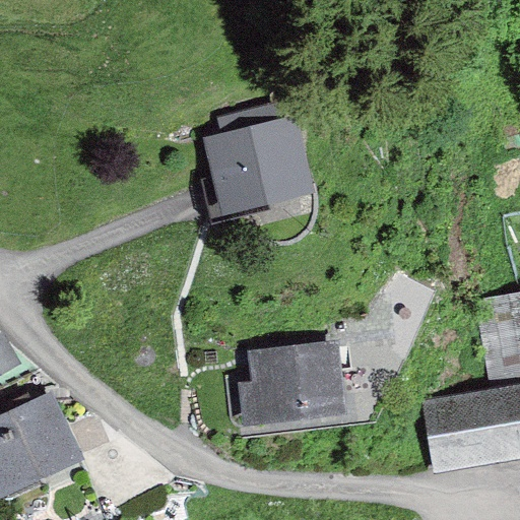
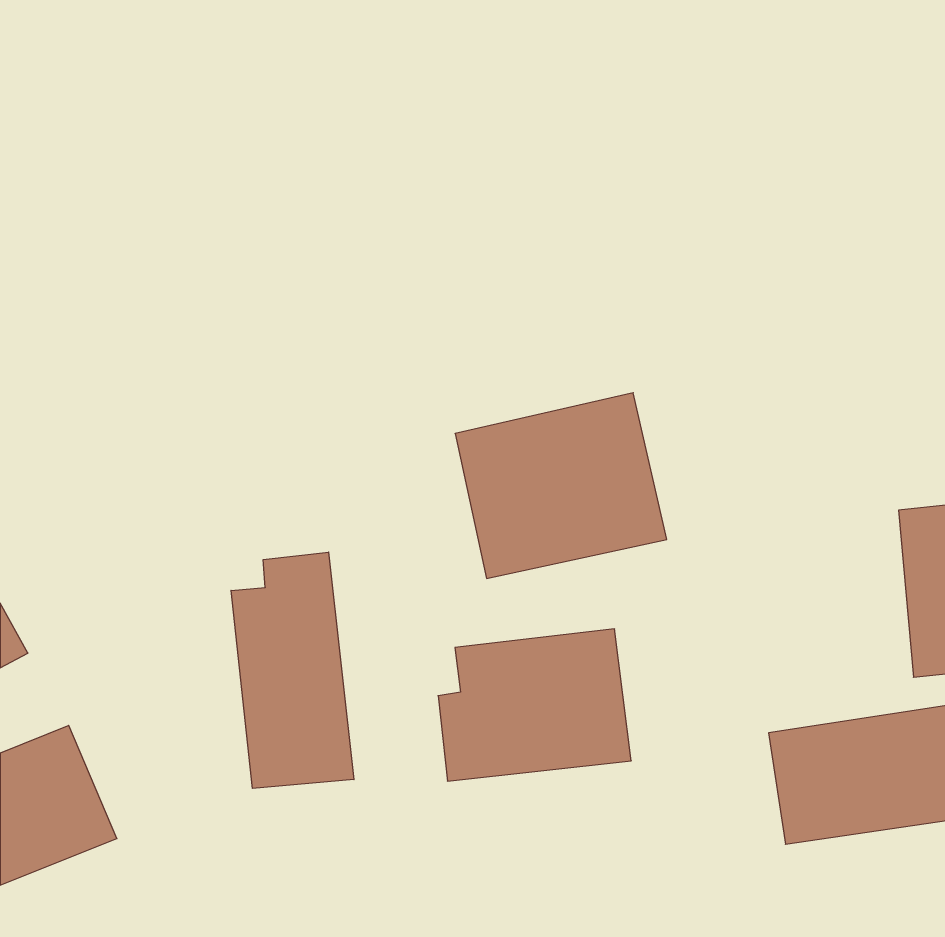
building: [199,118,315,219] -> [455,393,667,578]
building: none -> [231,552,354,788]

